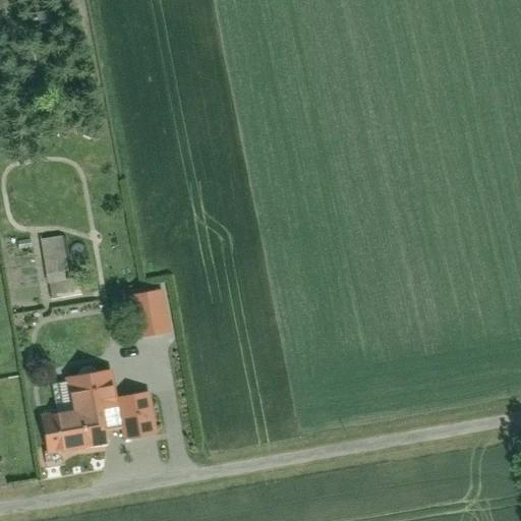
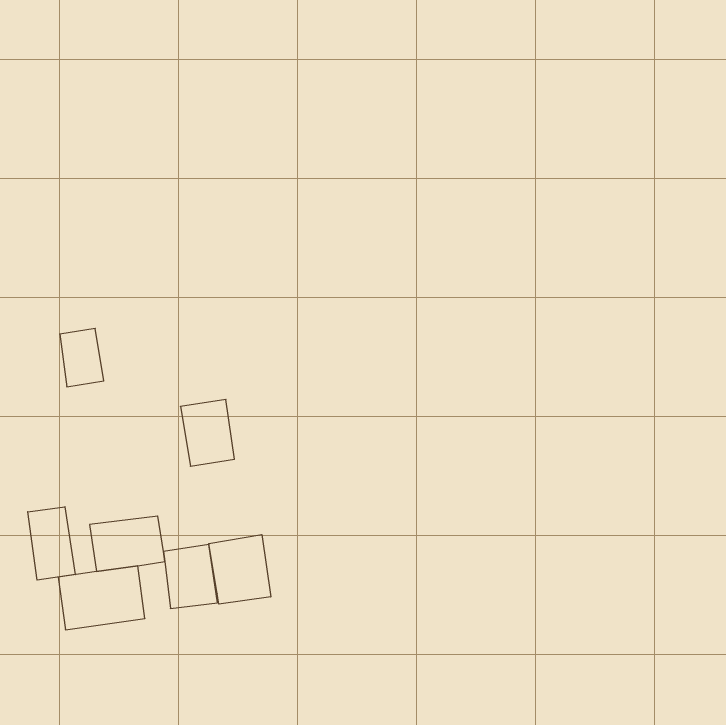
building: none -> [28,507,75,580]
building: none -> [209,535,271,604]

